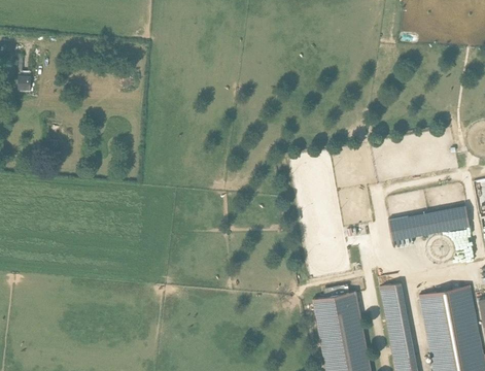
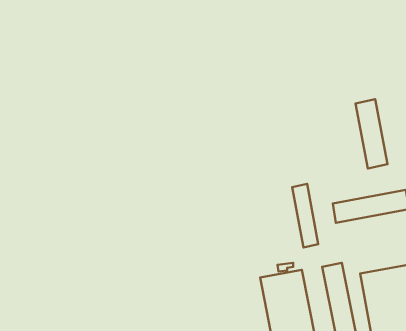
building: none -> [356,99,387,169]
building: none -> [292,184,318,247]

